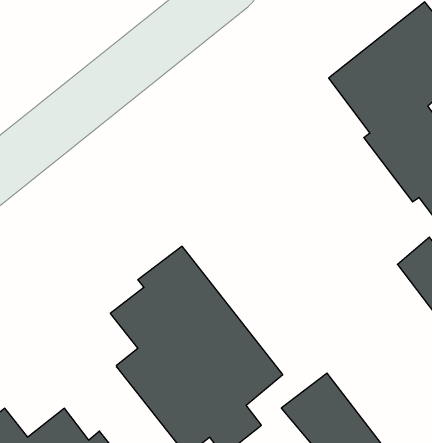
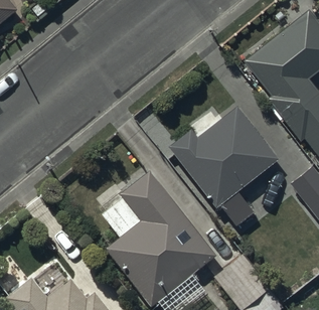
building: none -> [167,108,278,225]

